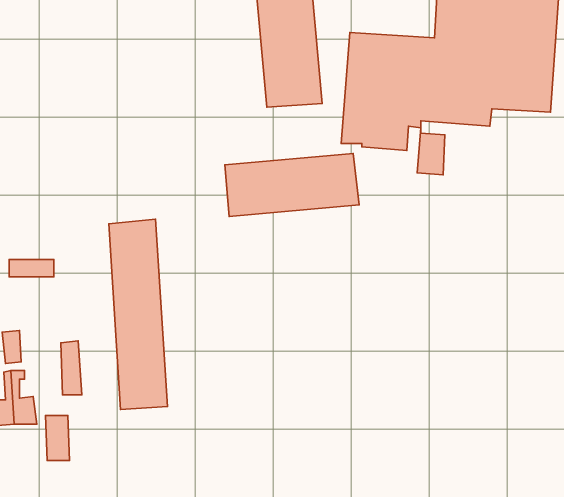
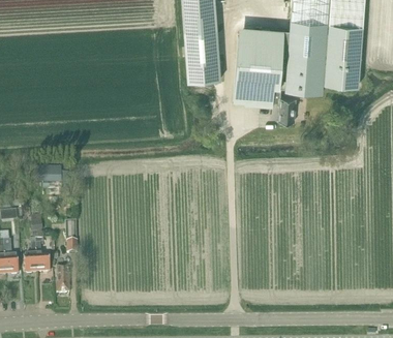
building: [225,153,359,216] -> none
building: [109,219,168,409] -> none

